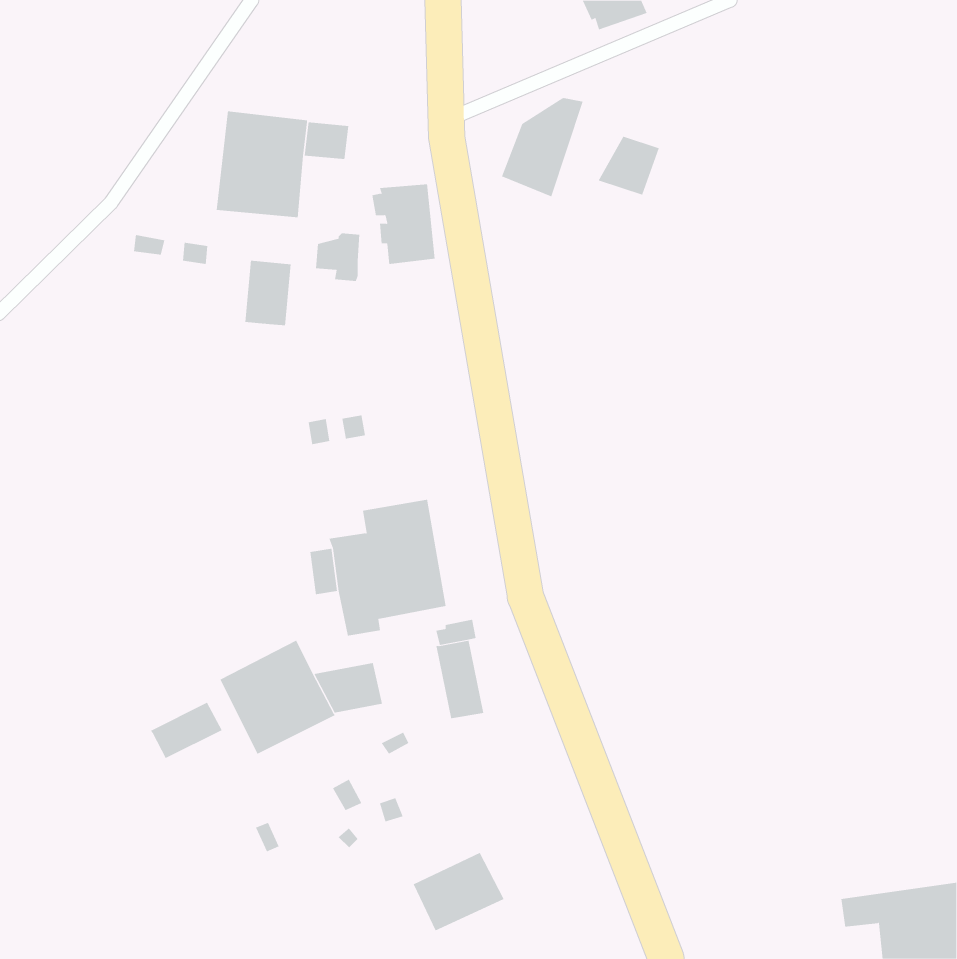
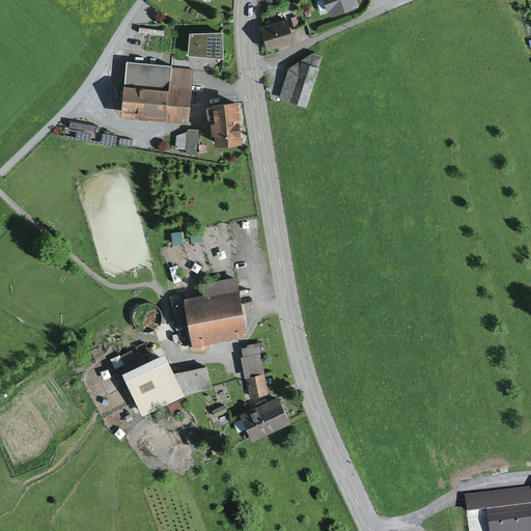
building: none -> [259,19,294,50]
building: none -> [187,33,223,59]
building: [598,136,660,196] -> none
building: [244,260,291,326] -> [165,86,191,122]
building: [150,702,222,759] -> none
building: [413,852,505,931] -> [240,397,290,441]

